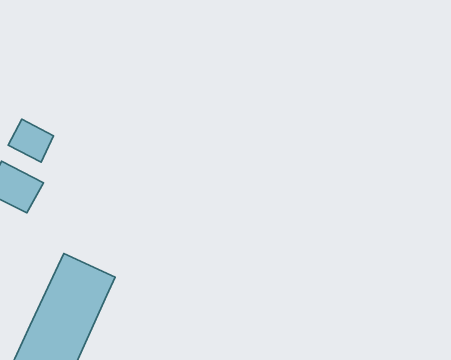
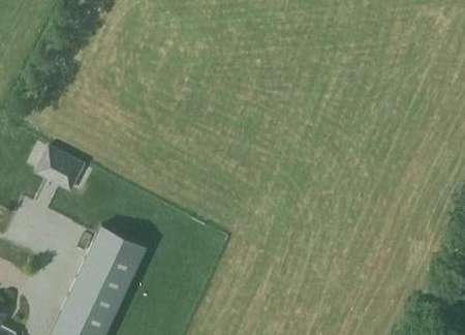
building: [8,119,53,162] -> none

